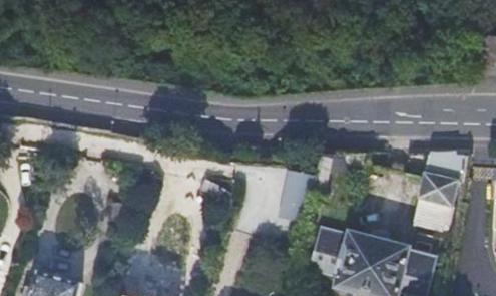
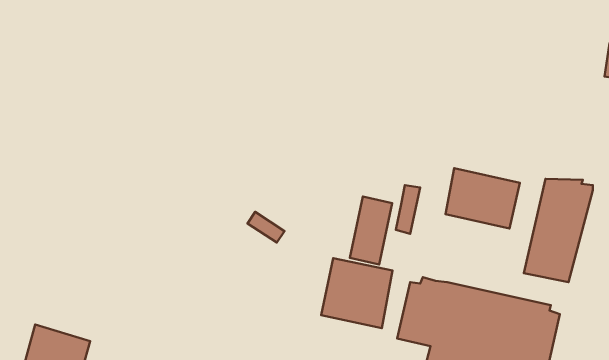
building: none -> [445,168,520,228]
building: none -> [321,258,393,328]

